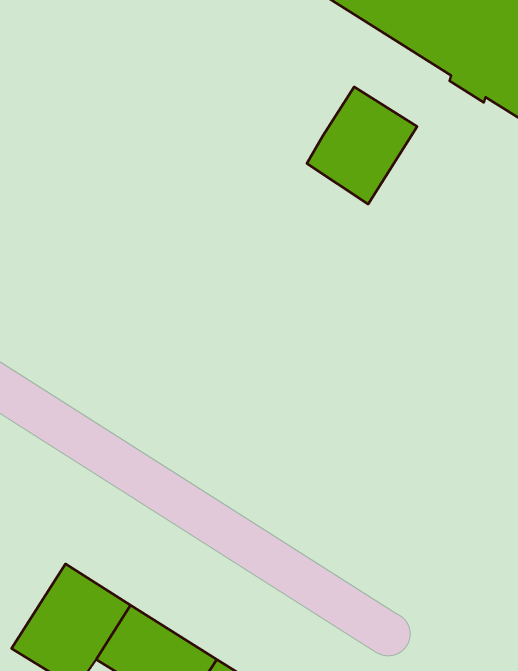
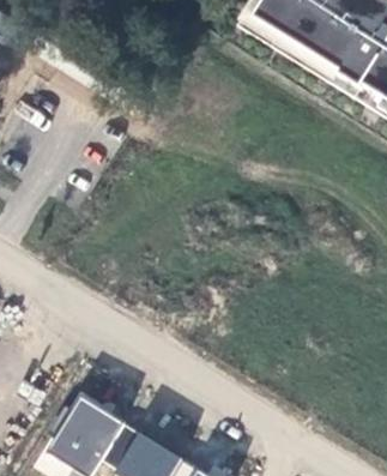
building: [307,87,417,204] -> none

